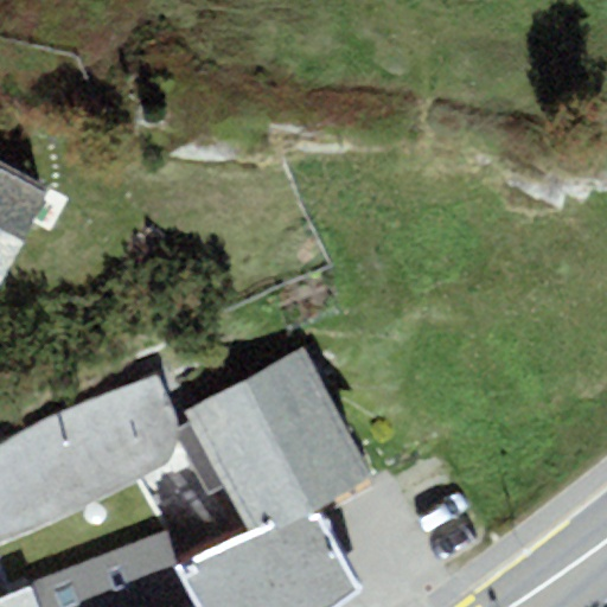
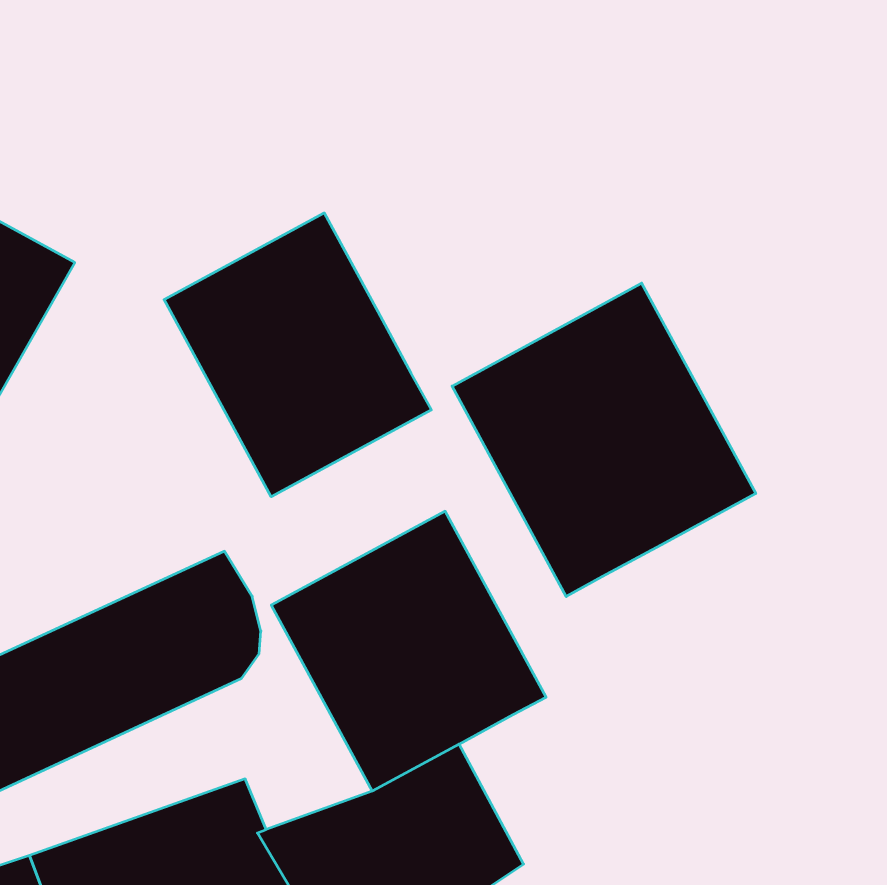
building: none -> [164,213,431,497]
building: none -> [452,283,756,597]

